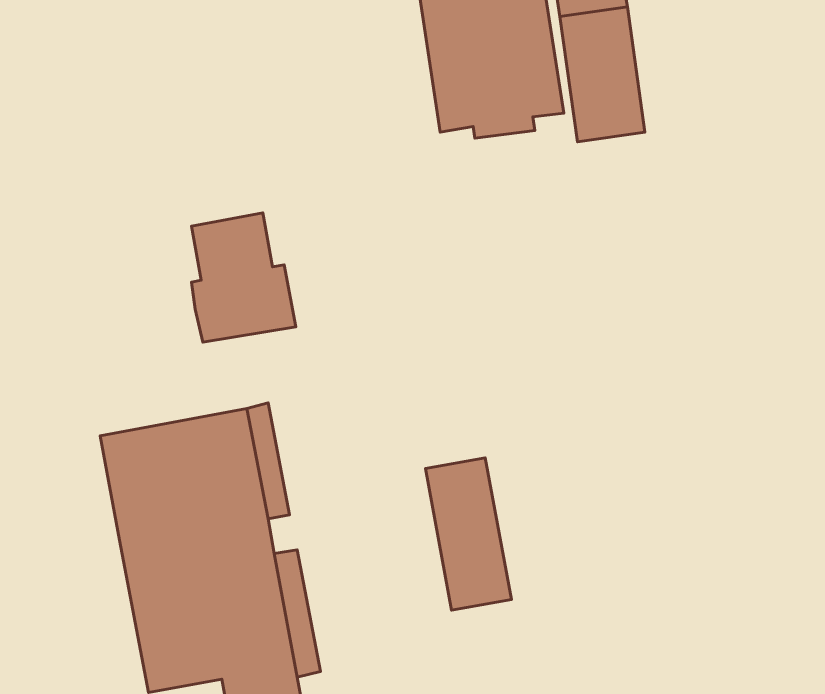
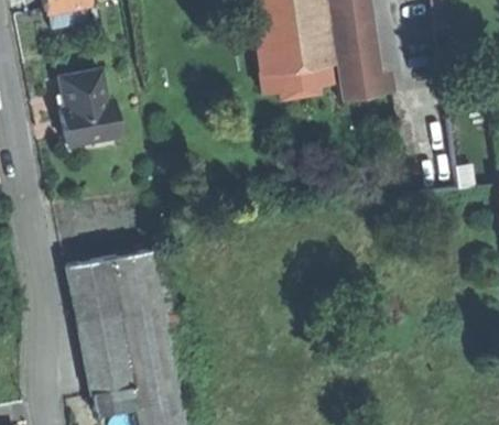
building: [191,213,296,342] -> [63,74,122,148]
building: [425,458,511,610] -> none

